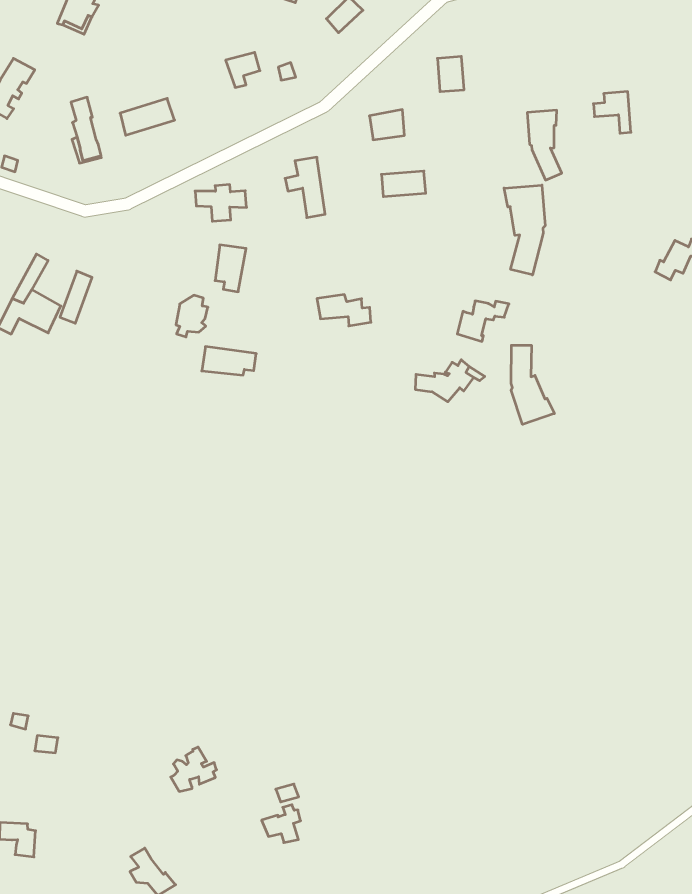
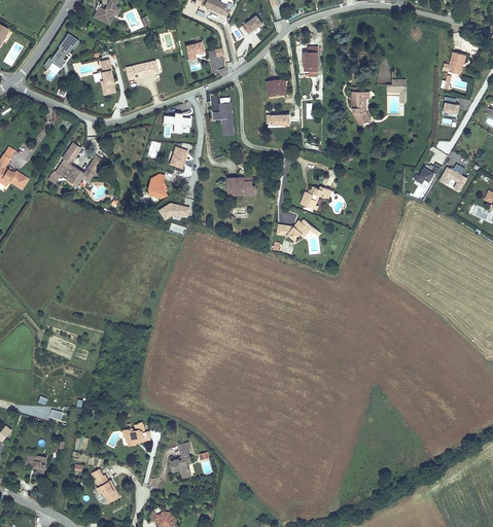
building: [504,185,545,275] -> none
building: [511,345,554,424] -> none

